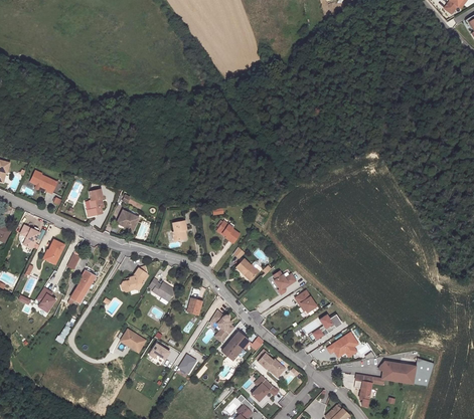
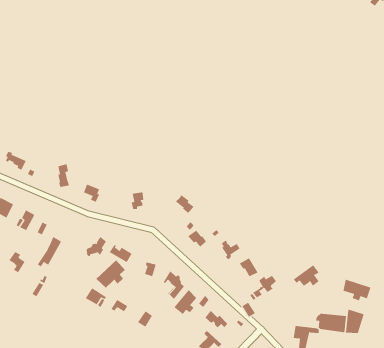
building: none -> [95,259,126,288]
building: none -> [343,279,371,301]
building: [326,333,356,358] -> [293,264,320,287]

